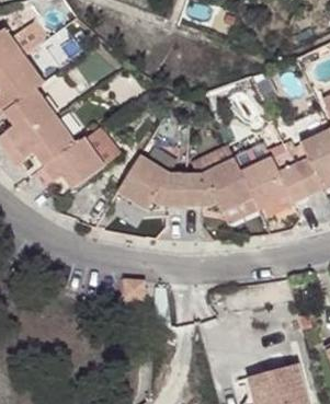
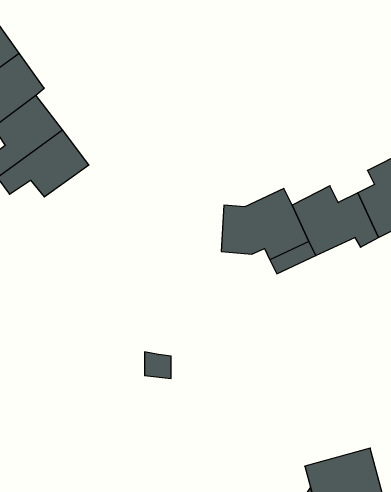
building: [35,135,105,186] -> none
building: [117,151,185,207] -> none

